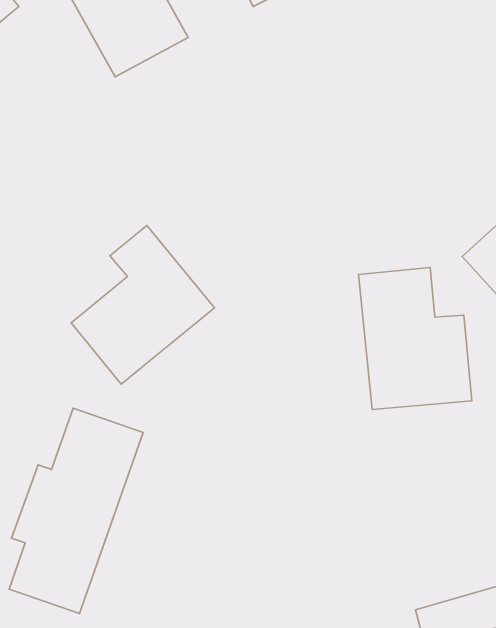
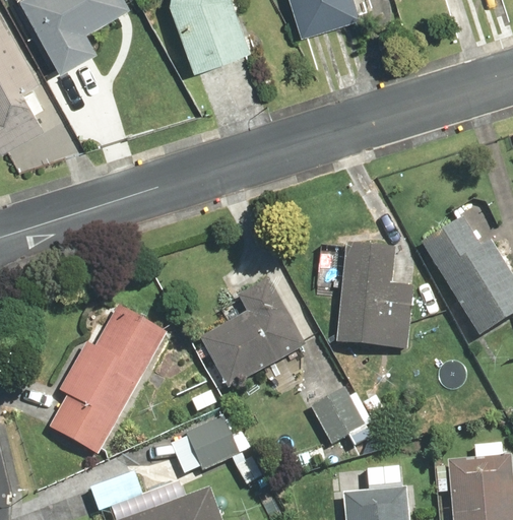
building: [71,225,214,384] -> [199,277,305,389]
building: none -> [311,387,365,444]
building: none -> [185,416,239,470]

